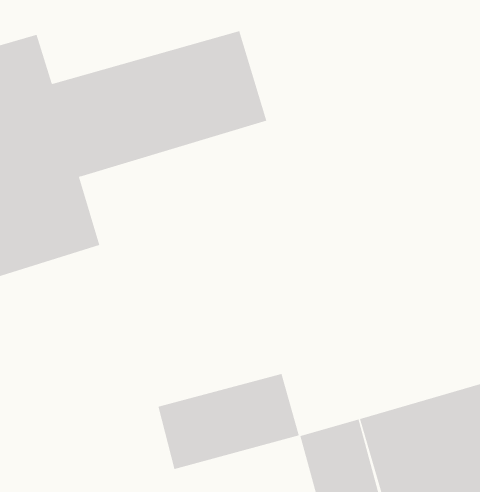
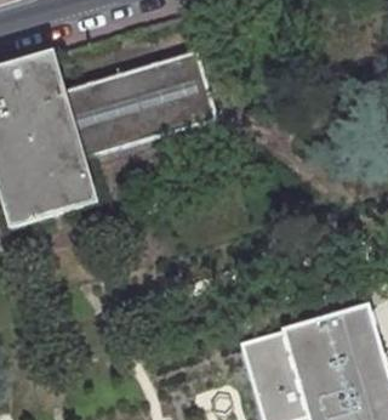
building: [158,373,300,470] -> none

